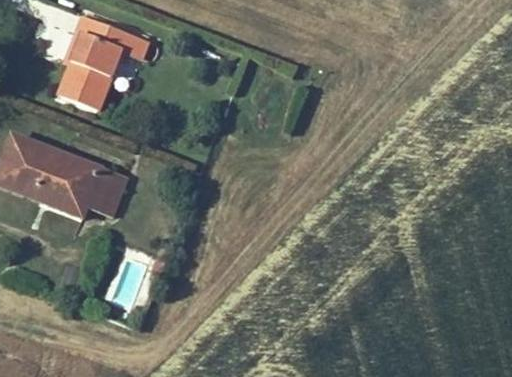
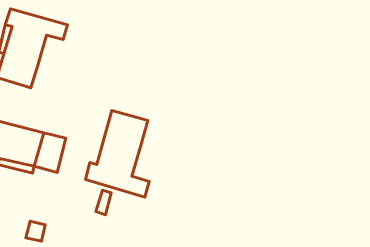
building: none -> [85,111,149,197]

